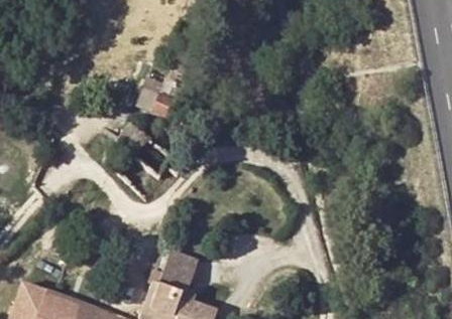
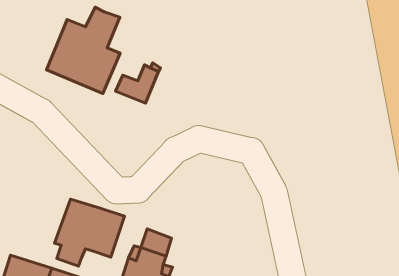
building: none -> [46,7,120,94]
building: none -> [55,199,125,266]

